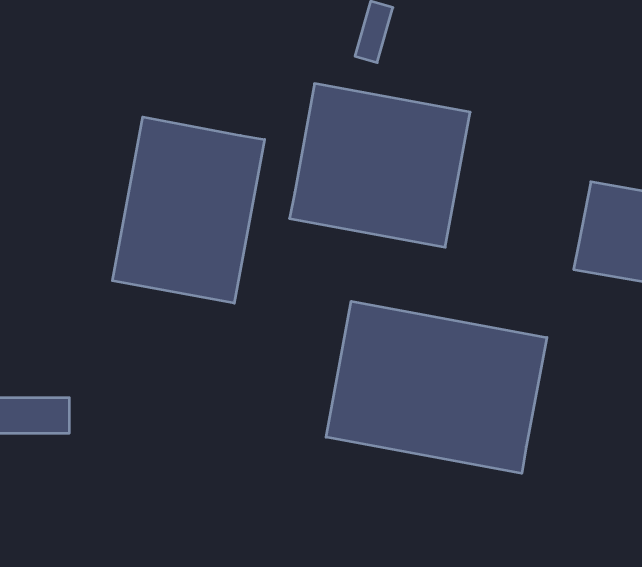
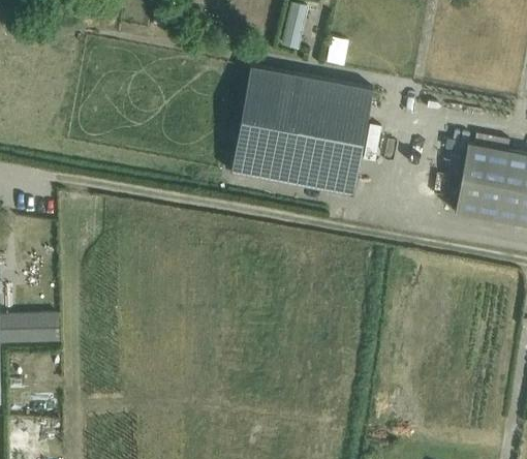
building: [112,117,265,303] -> none
building: [326,301,547,473] -> none

